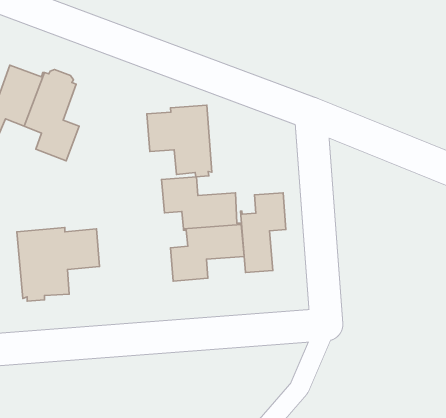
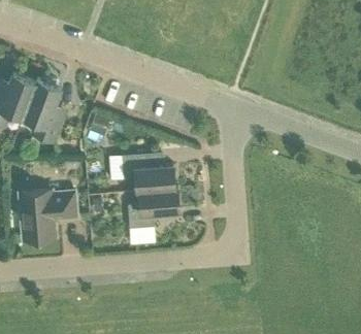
building: [147,105,212,177] -> none
building: [240,193,286,272] -> none

